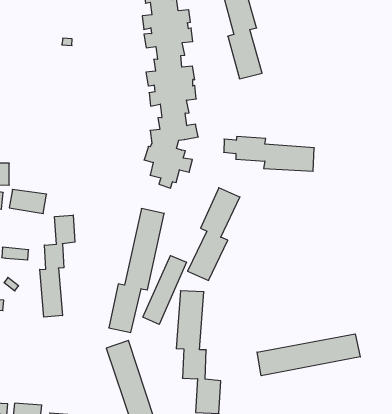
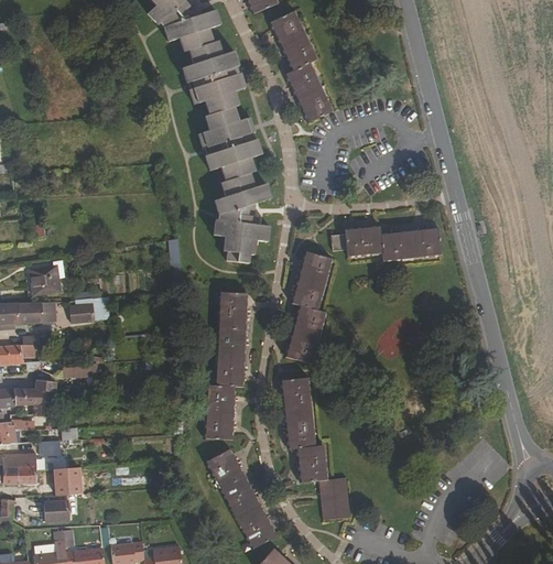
building: [224,137,314,171] -> [330,227,441,262]
building: [40,215,75,317] -> none
building: [143,256,186,324] -> none
building: [257,334,360,376] -> none

